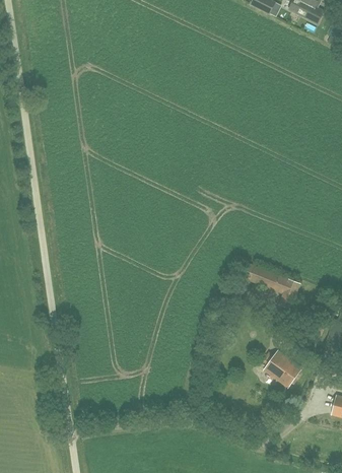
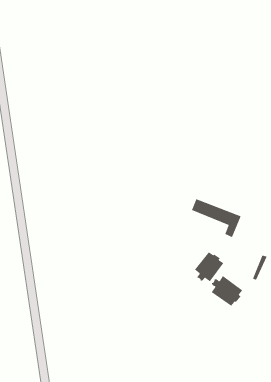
building: none -> [194,251,224,282]

